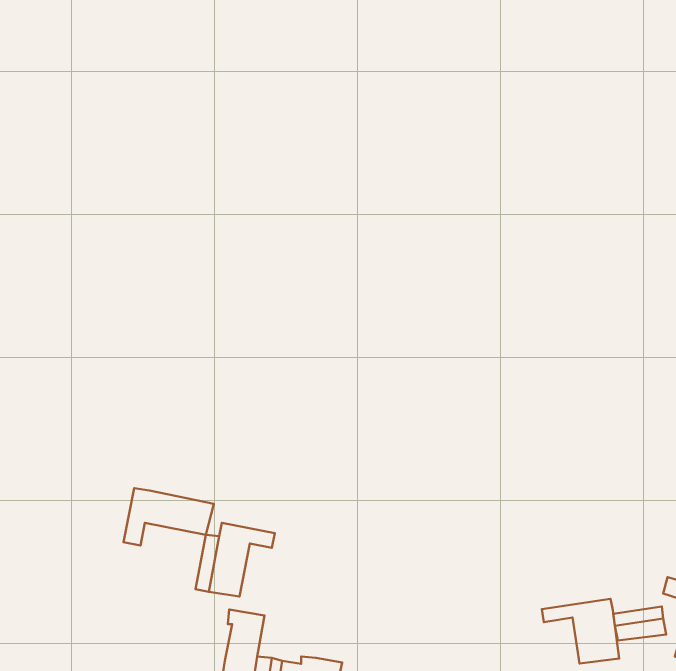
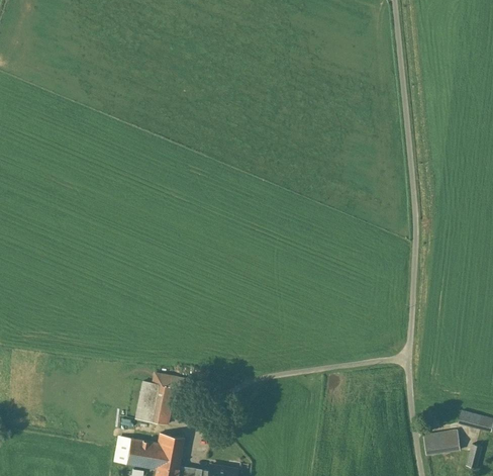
building: [123,488,214,545] -> none
building: [542,599,619,663] -> none
building: none -> [114,436,162,468]

